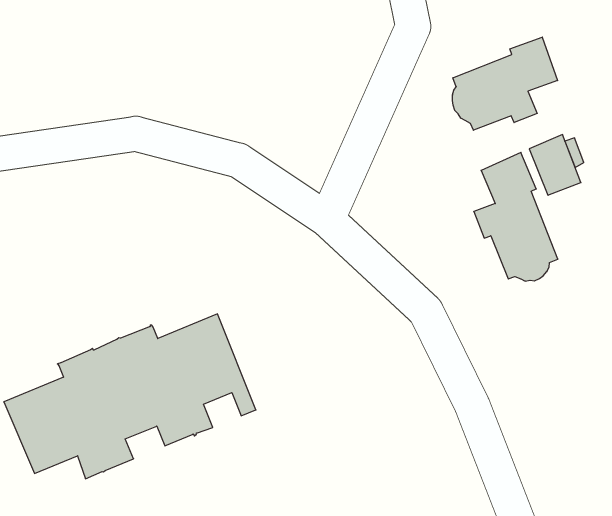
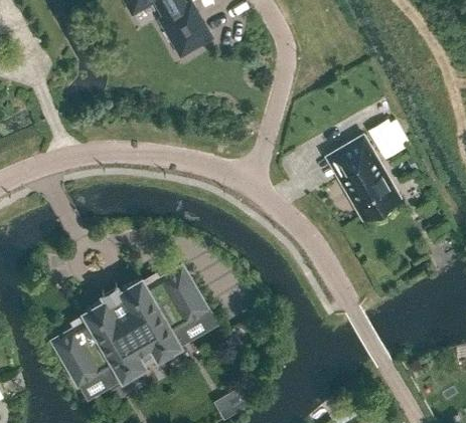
building: [452,37,558,130] -> none

